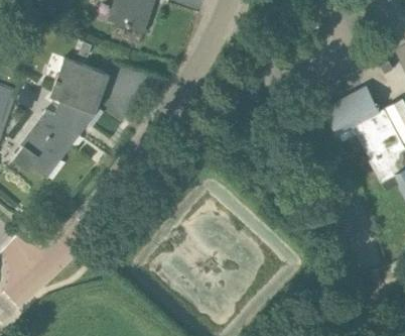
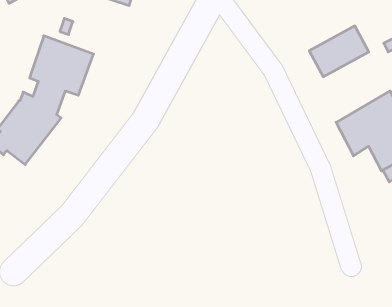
building: [324,87,380,134] -> [309,26,369,77]

